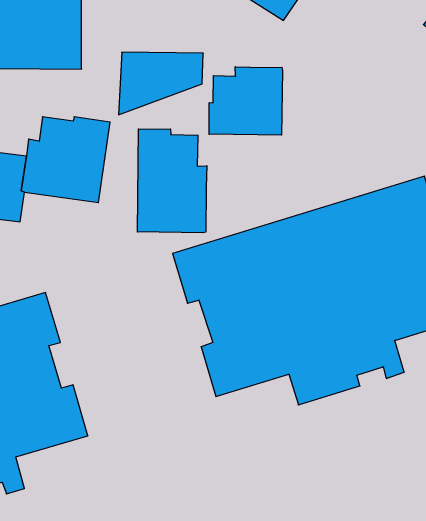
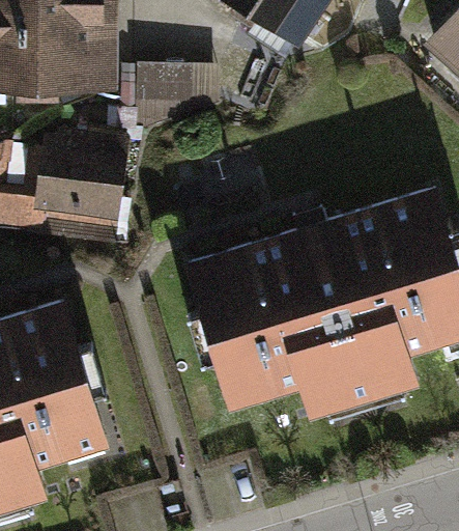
building: [209,67,282,135] -> none
building: [137,129,207,233] -> none

